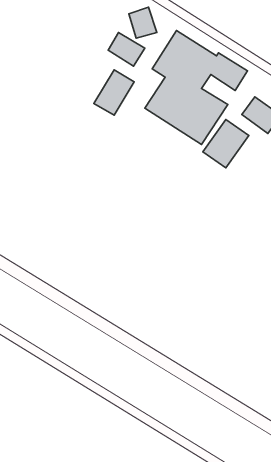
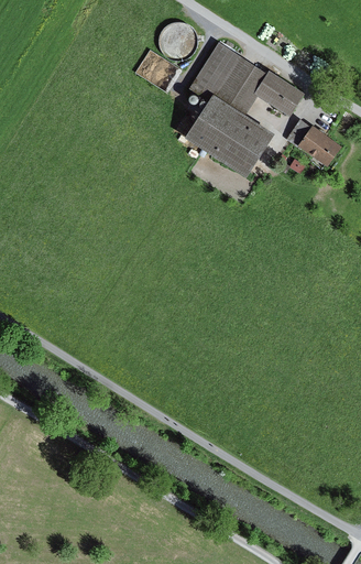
building: [94,70,134,115] -> none
building: [203,120,249,168] -> none

